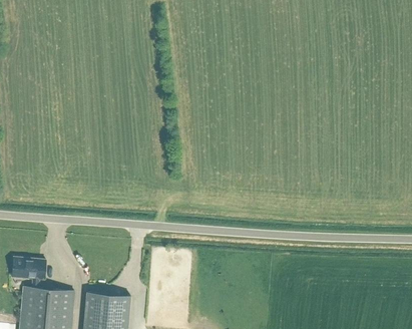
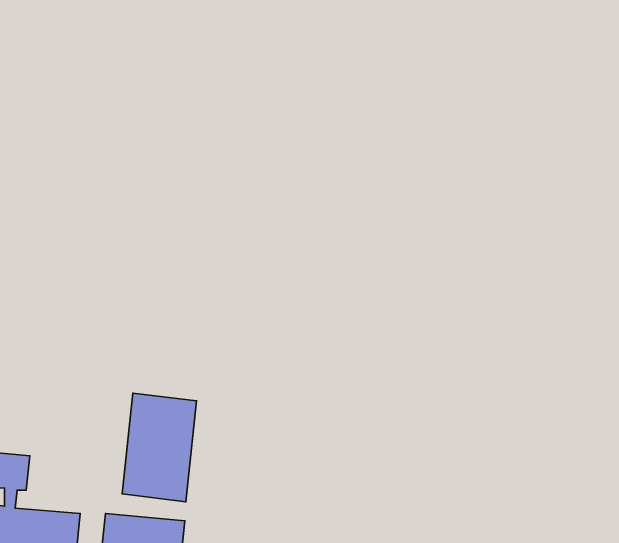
building: none -> [122,393,196,502]

